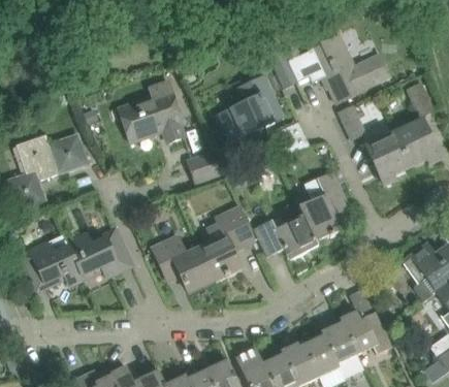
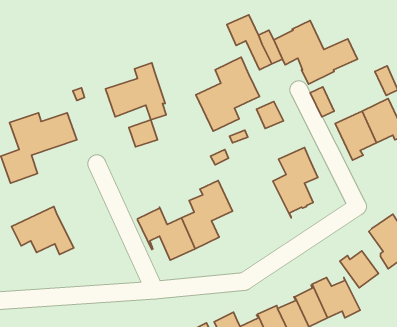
building: [188,153,219,182] -> [129,120,158,147]
building: [254,201,318,260] -> none
building: [66,228,125,278] -> none
building: none -> [340,251,379,288]

